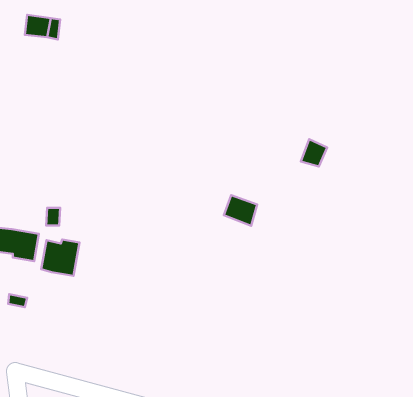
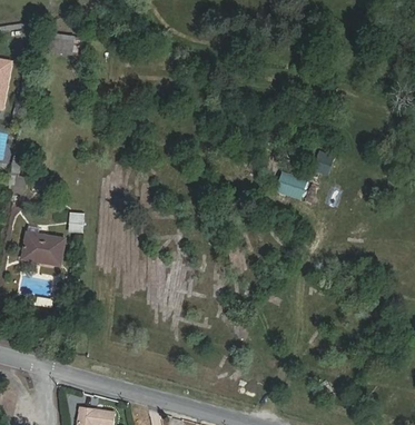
building: [224,195,257,226] -> [275,170,306,199]
building: [41,239,79,276] -> none

